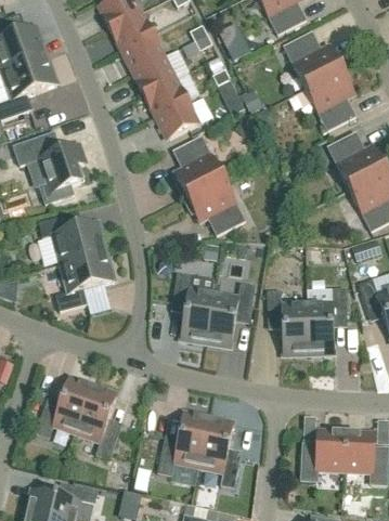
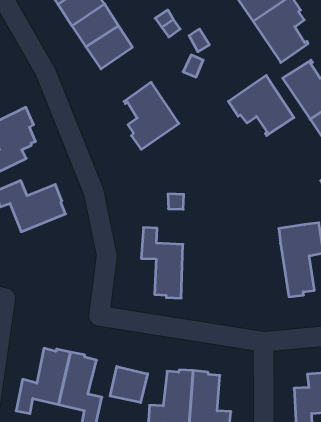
building: [155,100,199,138] -> none
building: [184,178,245,235] -> [228,75,294,136]
building: [55,251,114,311] -> none
building: [206,283,255,347] -> none
building: [268,290,309,356] -> none
building: none -> [110,366,148,403]

